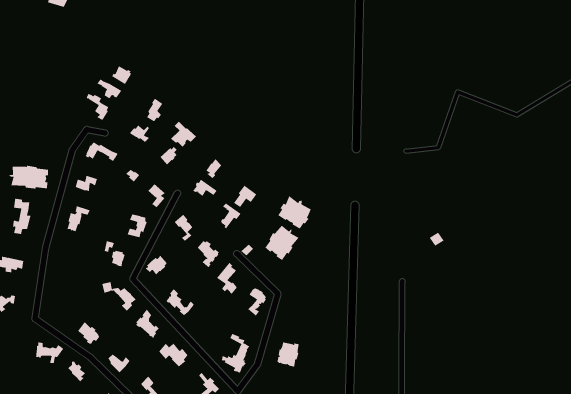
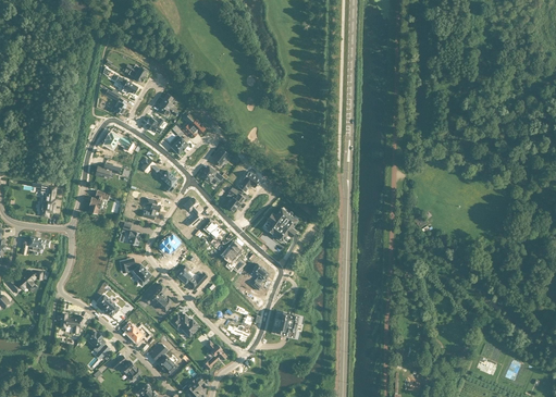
building: [7,165,48,189] -> none
building: [277,195,311,230] -> none

